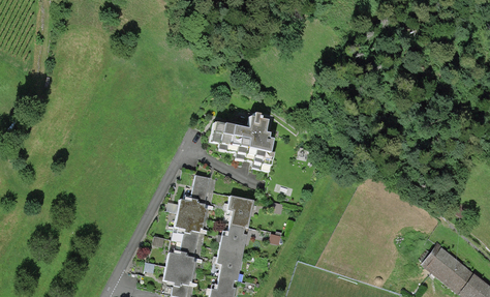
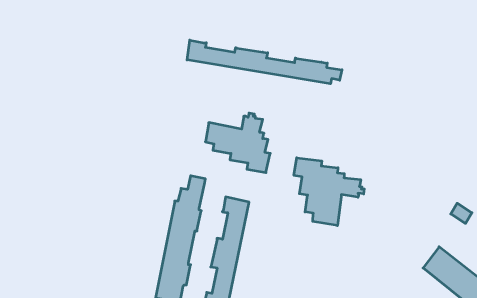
building: none -> [187,40,342,84]
building: none -> [294,158,364,226]

